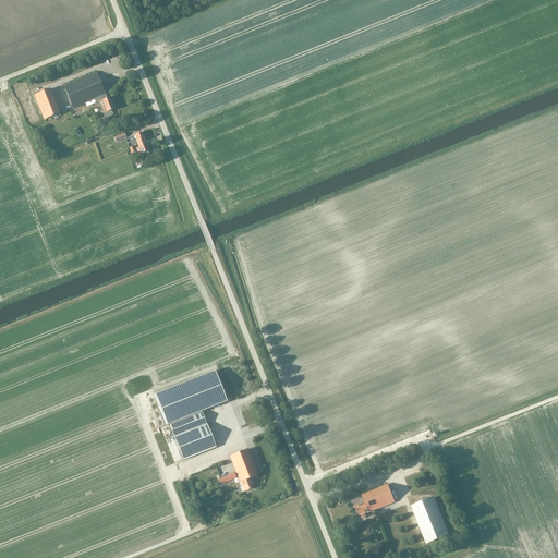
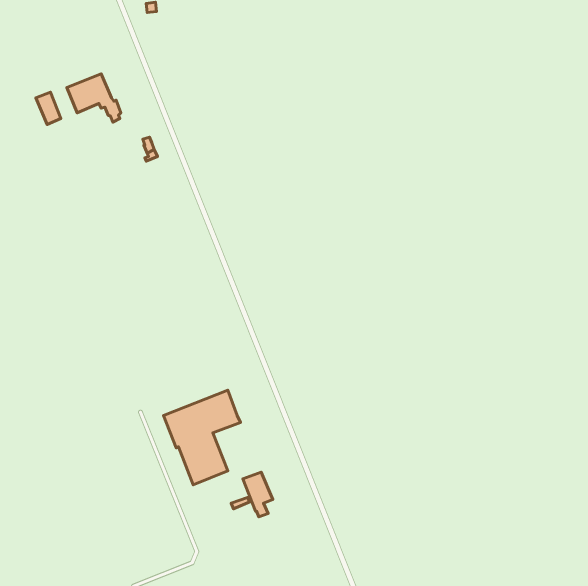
building: [355,482,396,517] -> none
building: [411,495,450,542] -> none

